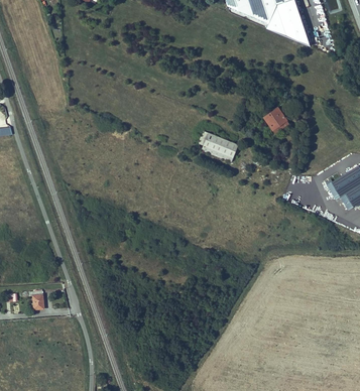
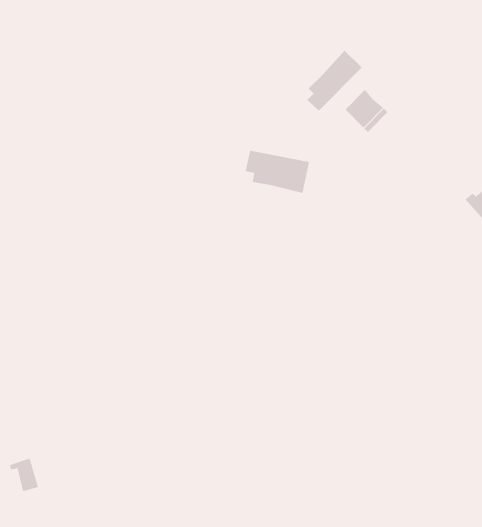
building: none -> [306,50,362,111]

